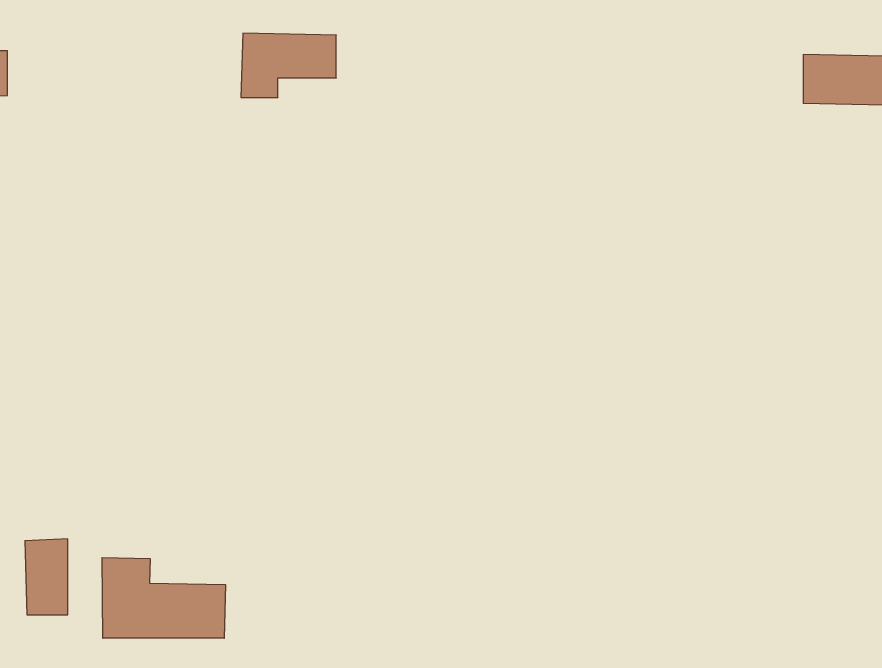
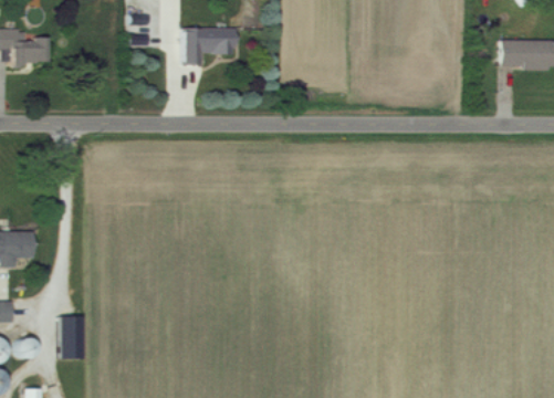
building: [102,558,225,638] -> none

